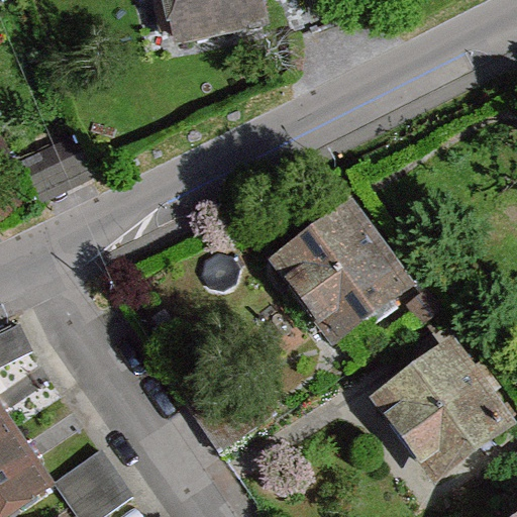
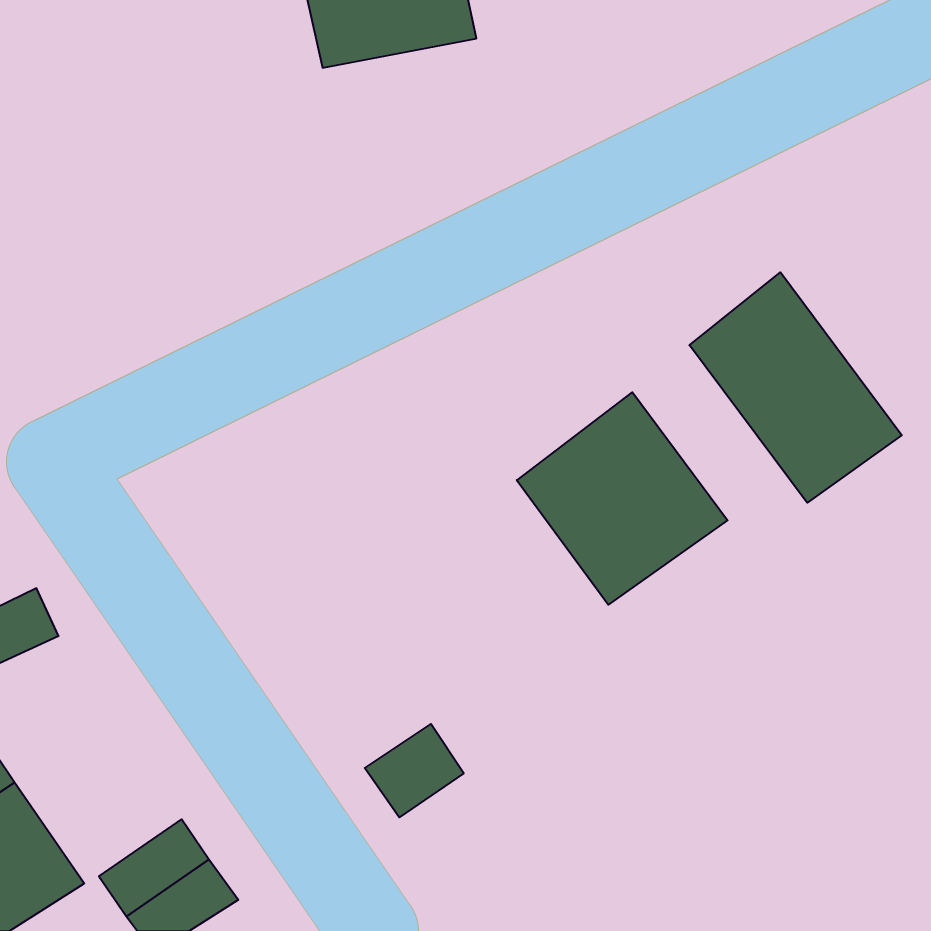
building: none -> [689,272,902,503]
building: [384,354,501,471] -> none

